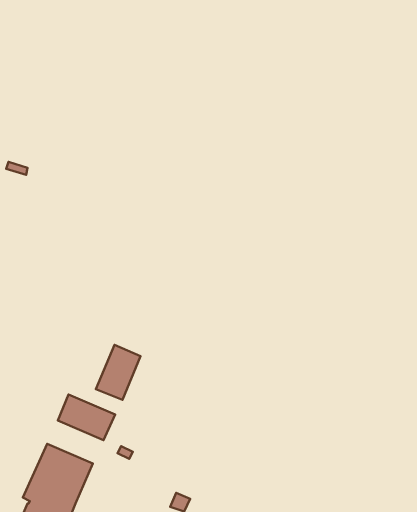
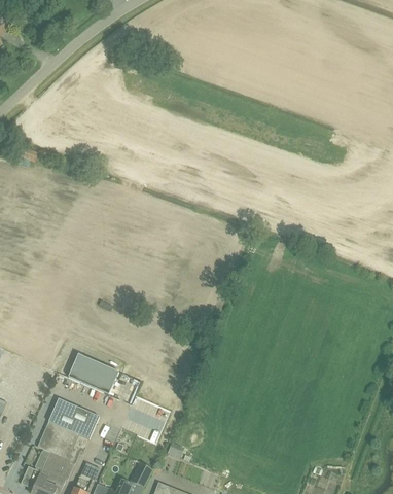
building: [96,345,141,400] -> none

